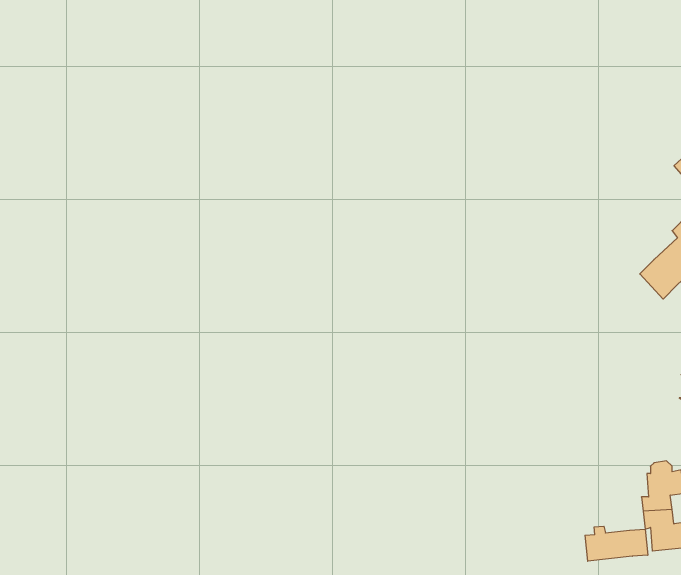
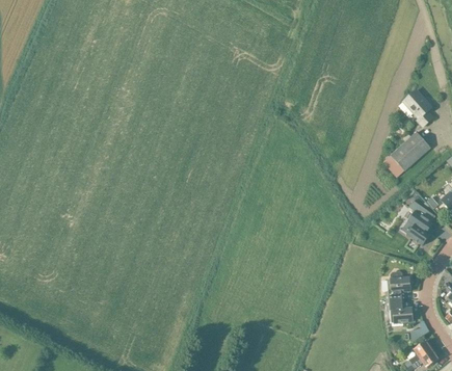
building: [585,526,648,561] -> none

